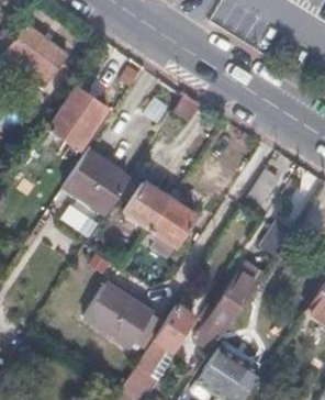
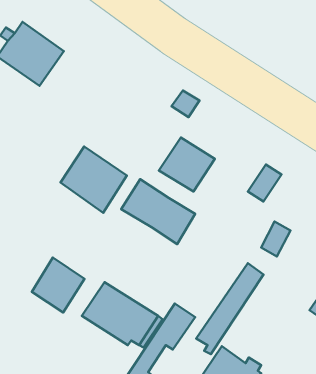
building: [47,86,104,146] -> none
building: none -> [159,137,215,191]
building: none -> [32,257,85,313]

